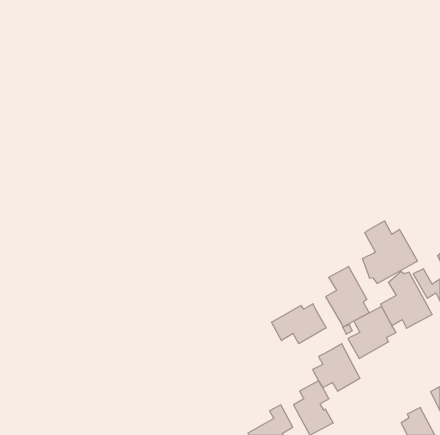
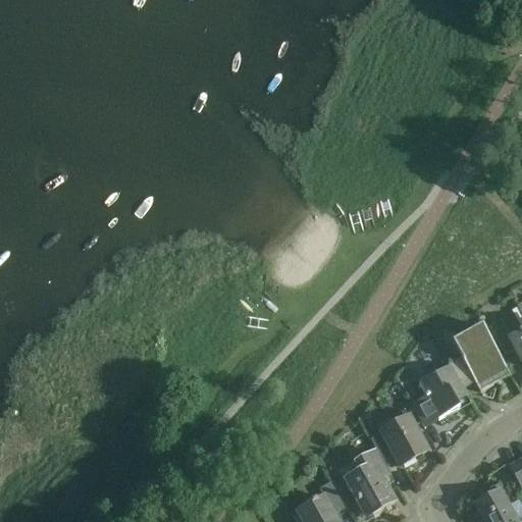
building: [363,221,417,283] -> none
building: [326,266,369,327] -> none
building: [271,304,326,344] -> none

